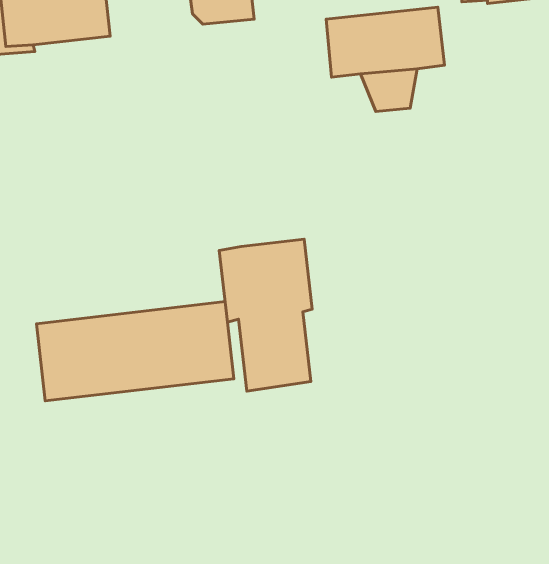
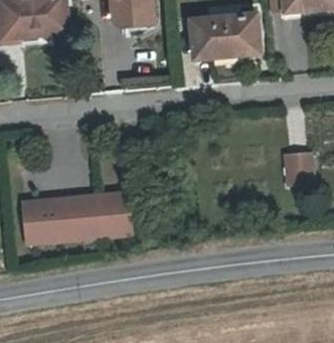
building: none -> [285,147,316,180]
building: [219,239,312,391] -> none

